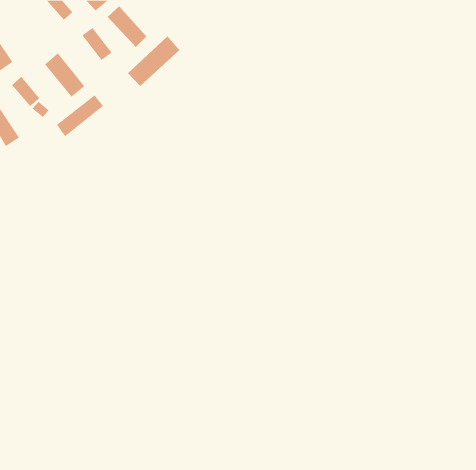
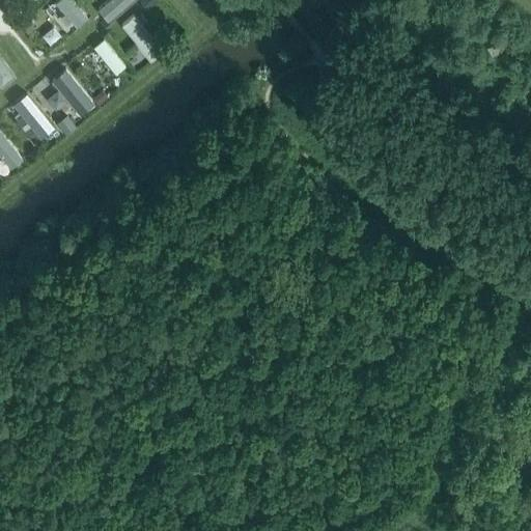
building: [127,35,180,87] -> none
building: [56,94,104,137] -> none

